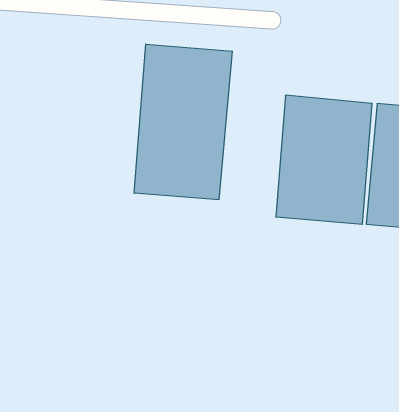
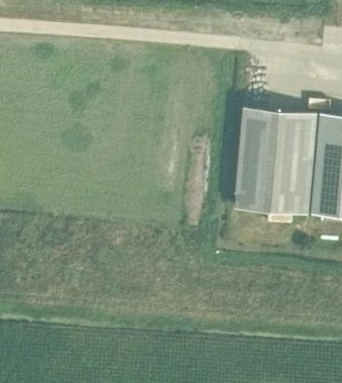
building: [134,44,232,200] -> none

